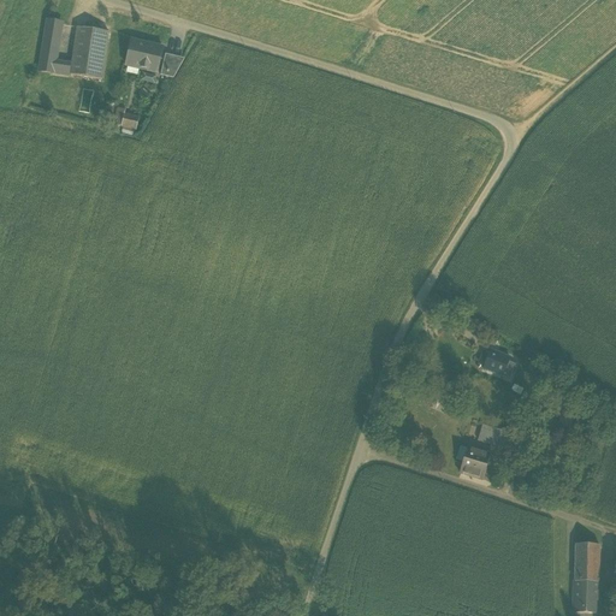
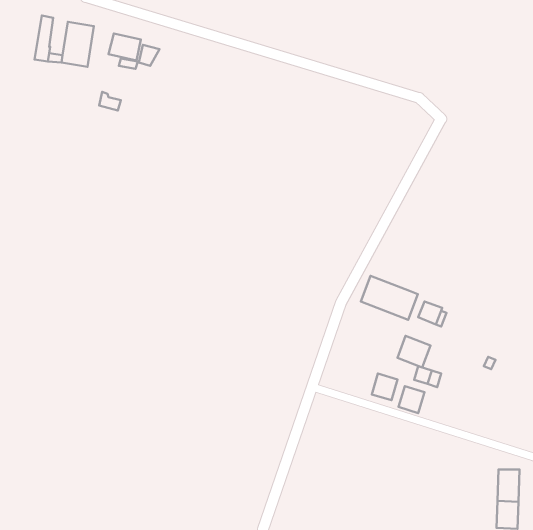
building: none -> [361,276,418,320]
building: none -> [397,336,430,367]
building: none -> [372,373,398,400]

